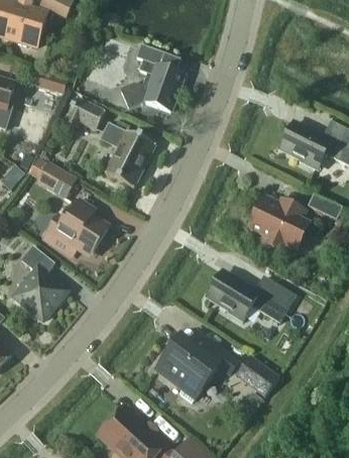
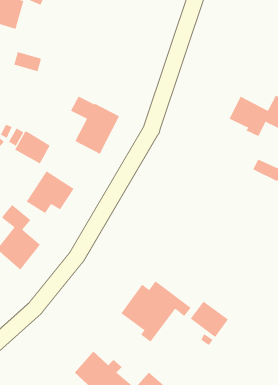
building: [119,43,183,110] -> none
building: [64,96,105,130] -> none
building: [247,194,311,253] -> none
building: [209,272,296,322] -> none

